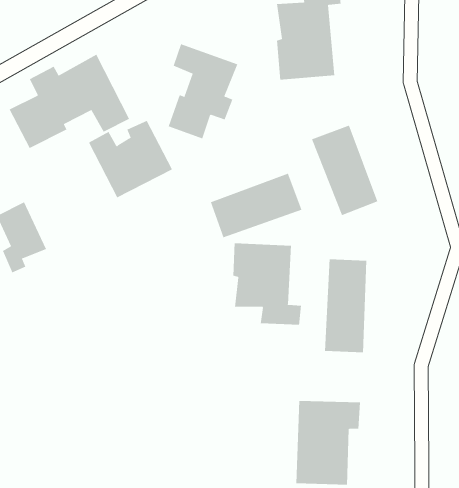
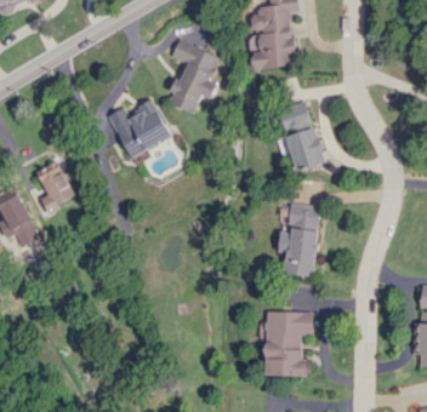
building: [9,54,130,149] -> none
building: [210,173,302,238] -> none
building: [233,243,302,326] -> none

